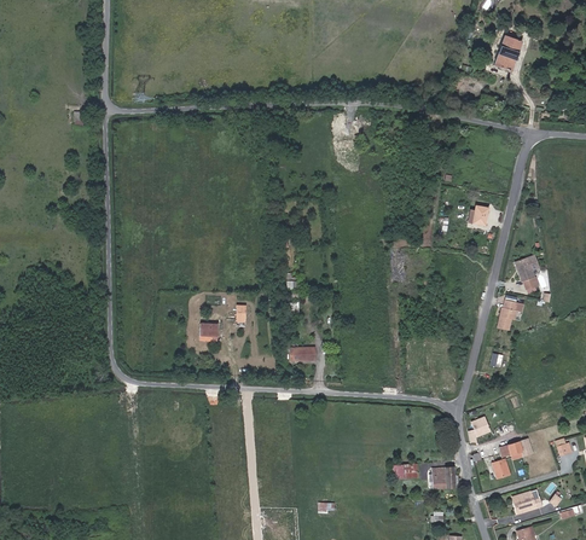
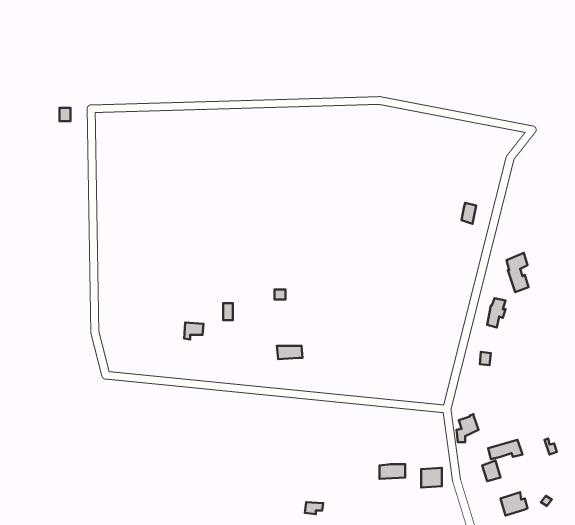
building: [494,36,522,72] -> none

